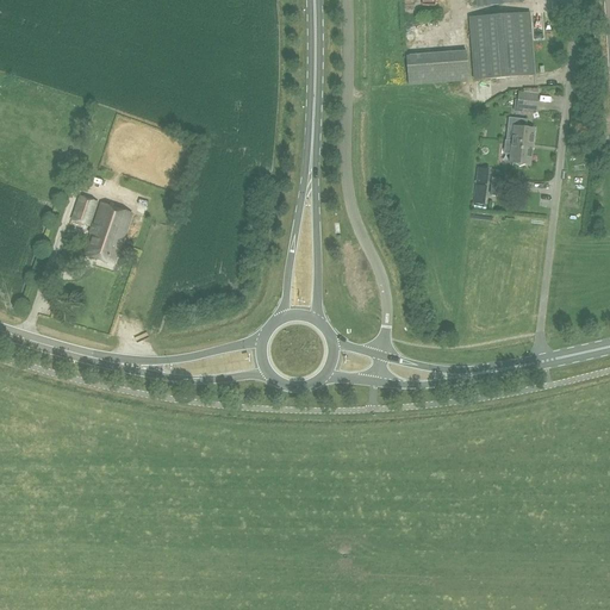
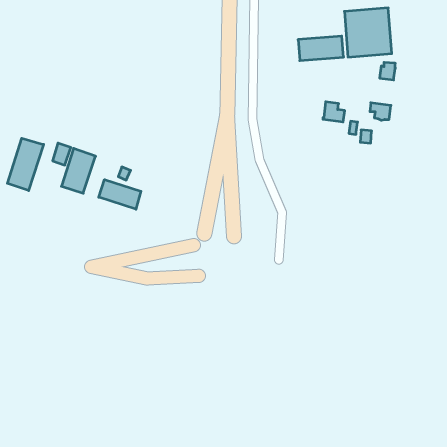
building: [504,116,534,143] -> [323,102,345,122]
building: none -> [7,138,44,191]
building: none -> [99,180,141,209]

